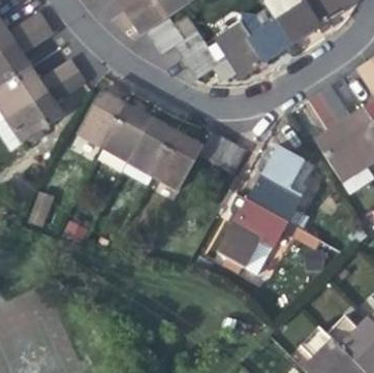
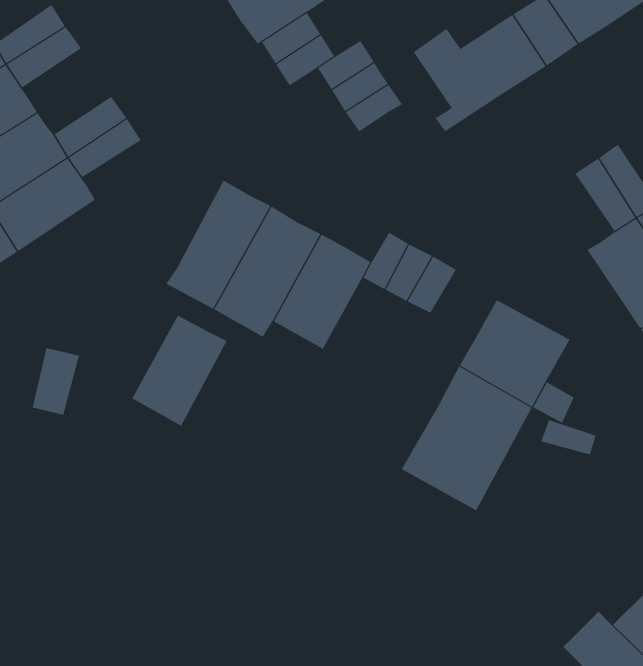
building: [209,37,245,82] -> none
building: [77,90,127,148] -> [132,315,227,427]
building: [269,146,315,185] -> none

